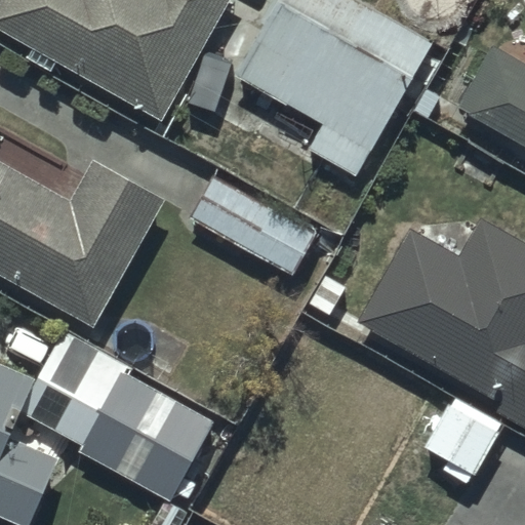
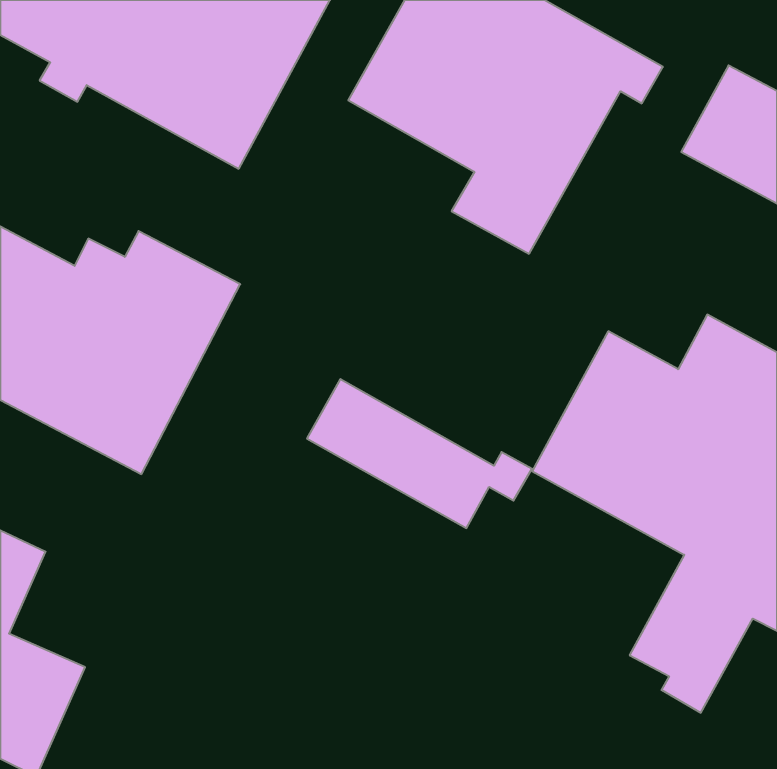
building: [188,174,339,275] -> [307,379,532,528]
building: [18,330,212,497] -> none

